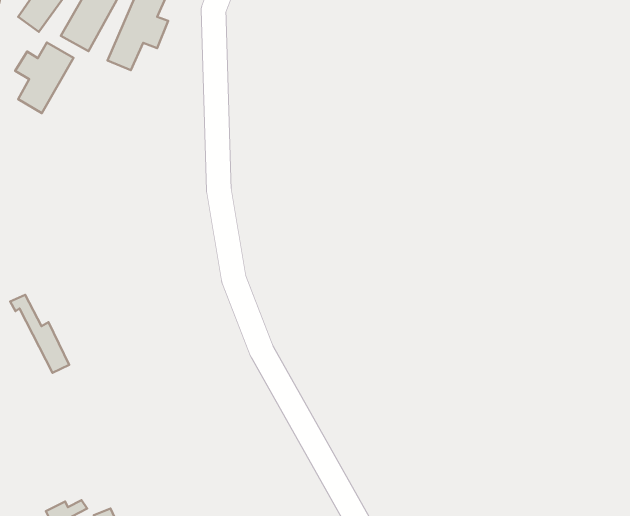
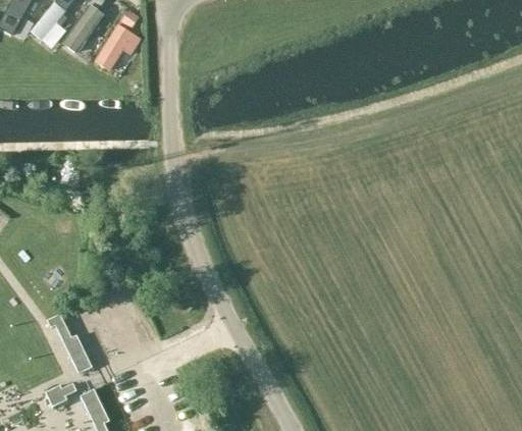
building: [15,42,73,113] -> none
building: [10,295,69,373] -> [51,320,95,378]

